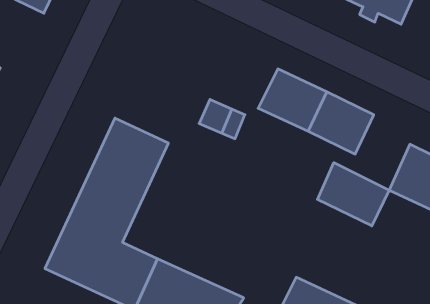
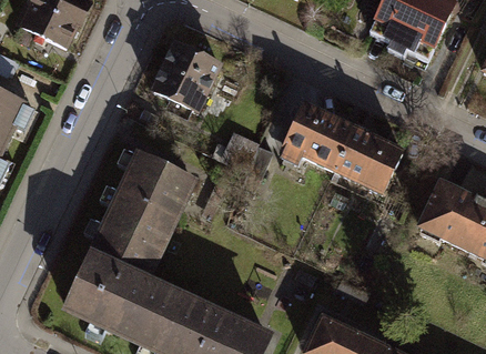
building: none -> [153,41,221,110]
building: [317,163,389,226] -> none

